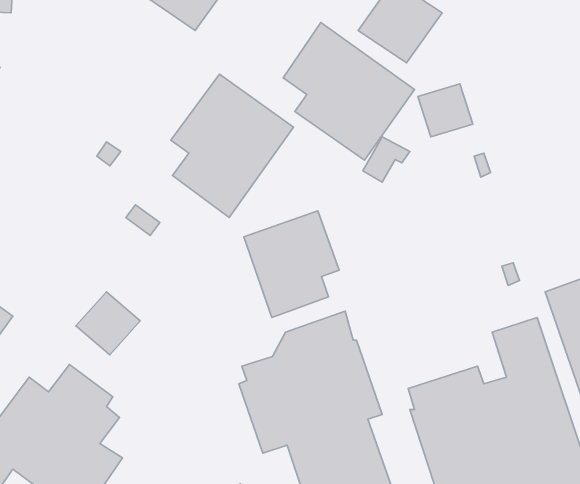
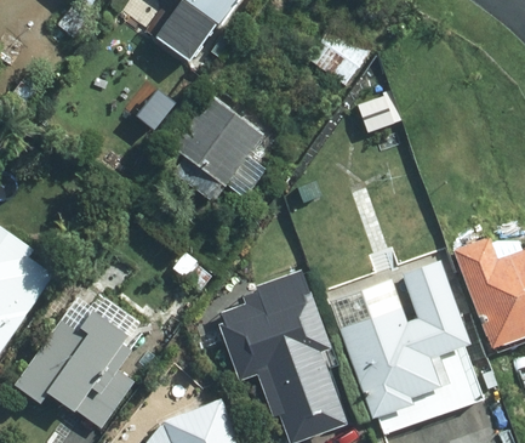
building: [283,23,415,160] -> none
building: [244,211,339,317] -> none

